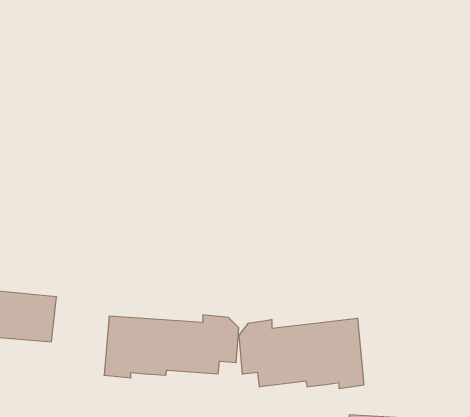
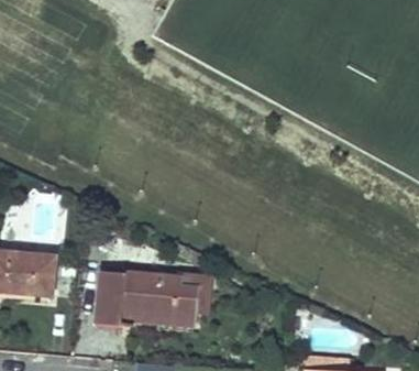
building: [239,318,364,389] -> none

